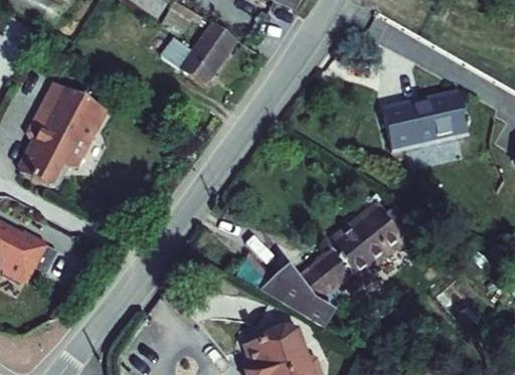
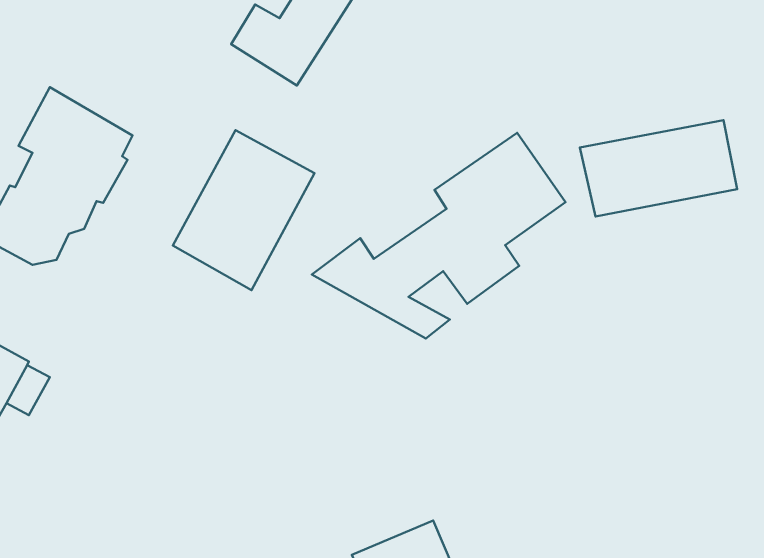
building: none -> [173,130,315,290]
building: [251,215,399,335] -> [312,133,566,338]

